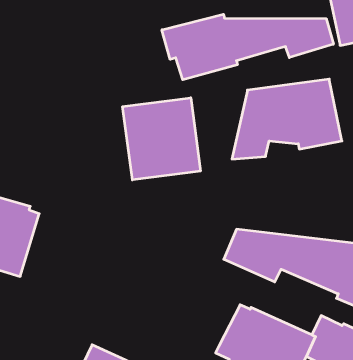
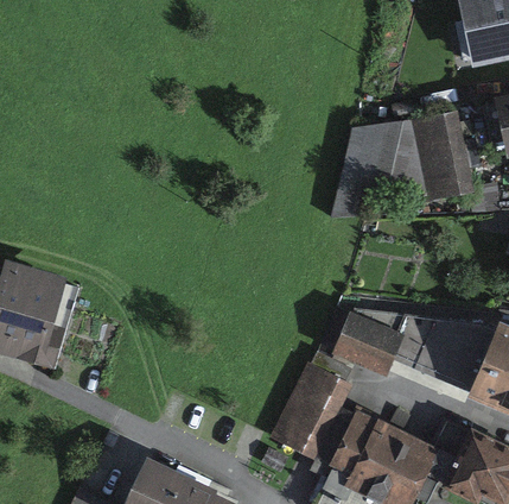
building: [162,14,333,80] -> none
building: [123,98,200,180] -> none
building: none -> [269,352,354,460]

